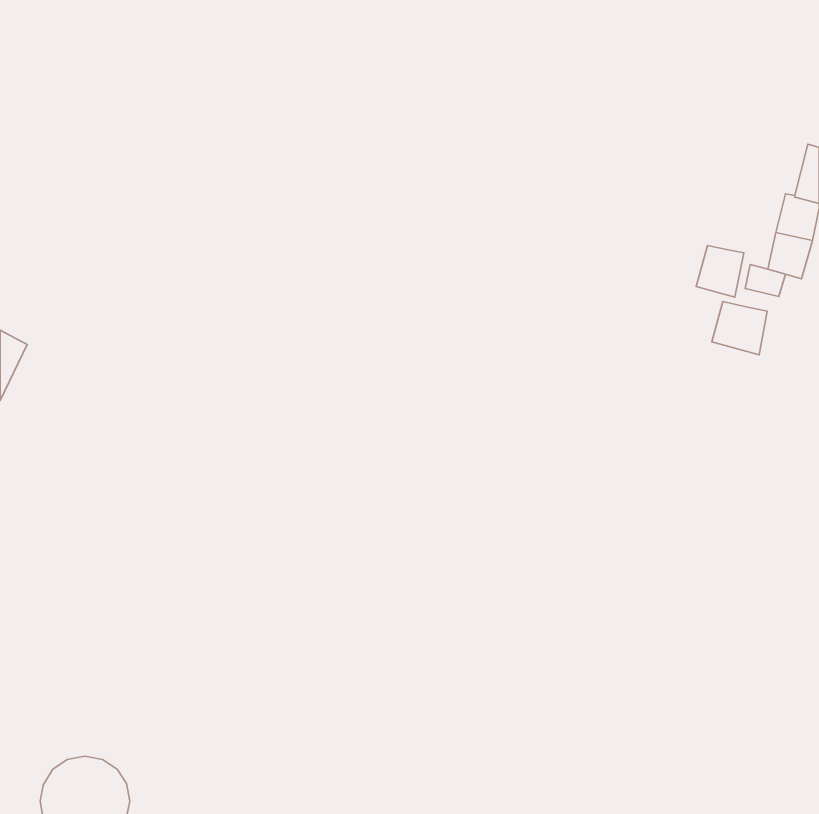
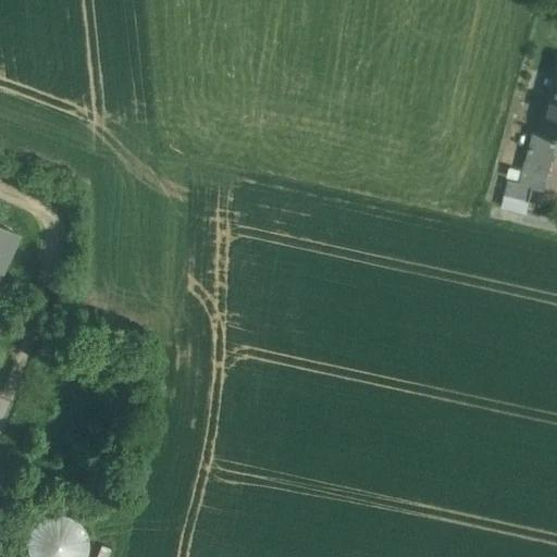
building: [696,246,744,297] -> none
building: [712,302,767,355] -> none

